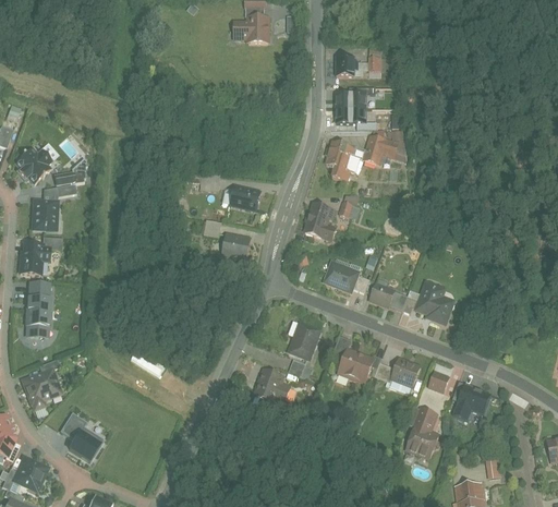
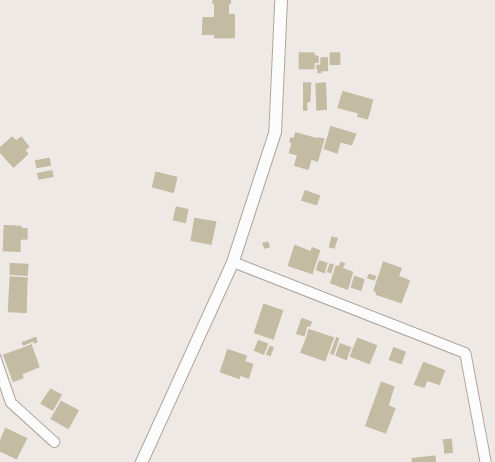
building: none -> [336,90,375,121]
building: [229,186,258,212] -> [151,170,179,194]
building: [33,197,59,228] -> none
building: [302,204,336,243] -> none

